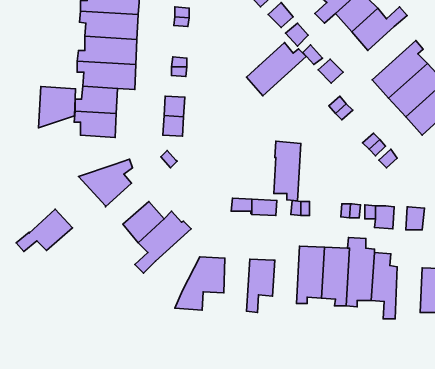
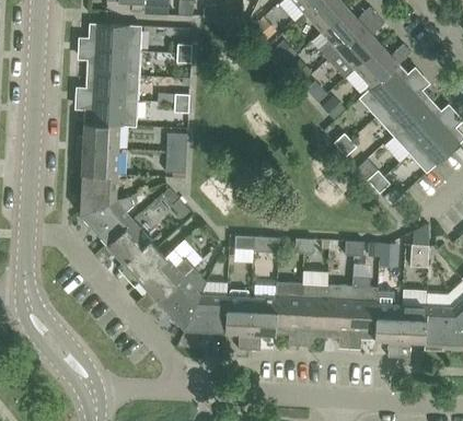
building: [246,42,306,96] -> [360,63,420,117]
building: [39,87,76,128] -> [80,173,117,214]
building: [274,141,301,201] -> [276,282,303,342]
building: [16,209,73,252] -> [94,221,151,264]
building: none -> [158,267,207,329]
building: none -> [227,290,253,350]
building: none -> [400,305,427,359]

